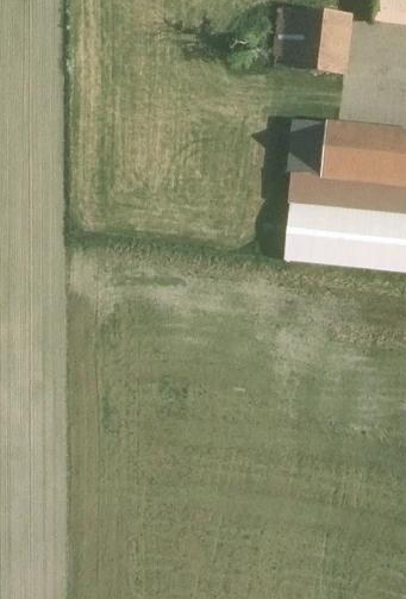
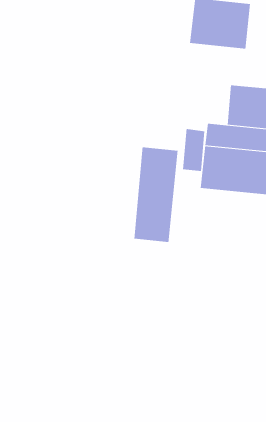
building: [293,117,324,174] -> [182,129,205,171]
building: none -> [134,146,178,243]

